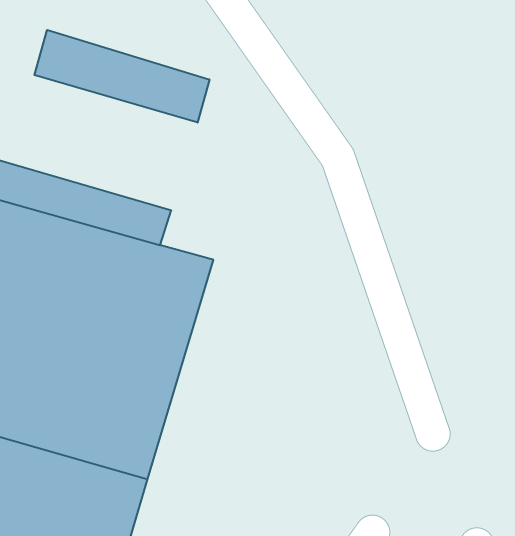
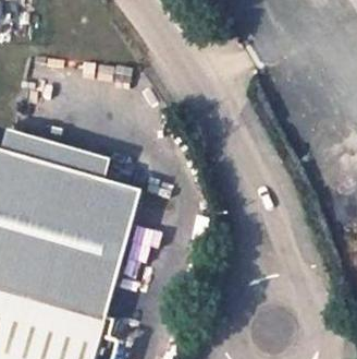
building: [34,30,209,123] -> none

